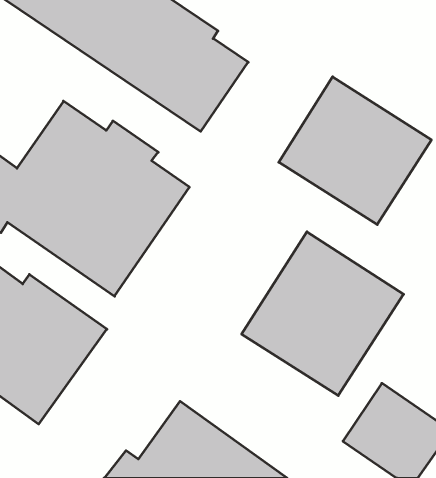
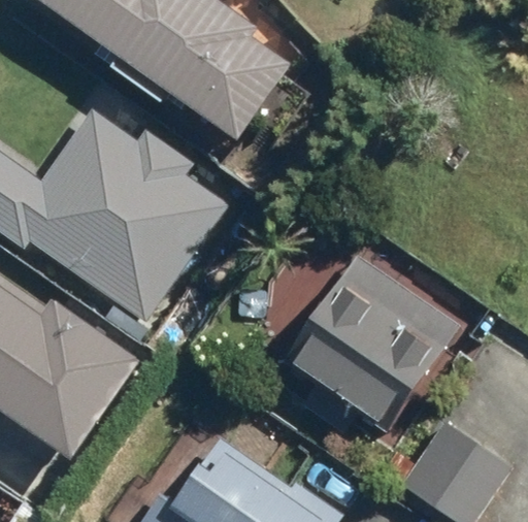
building: [279,77,431,225] -> none

